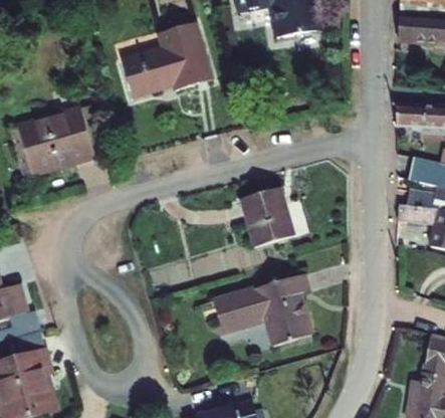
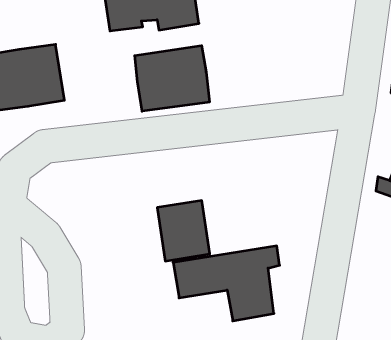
building: none -> [135,46,209,111]
building: [246,183,299,242] -> [157,201,210,261]

